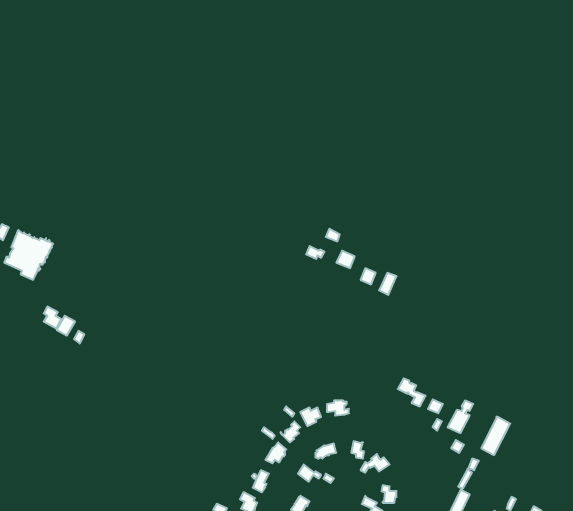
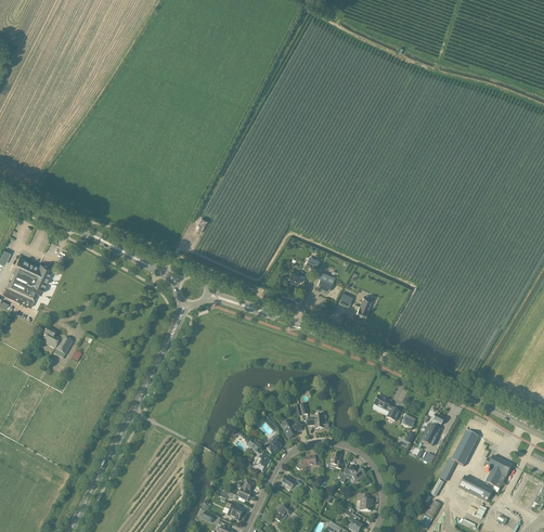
building: none -> [458,455,513,503]

